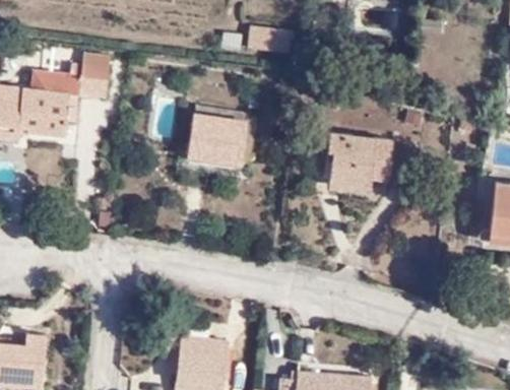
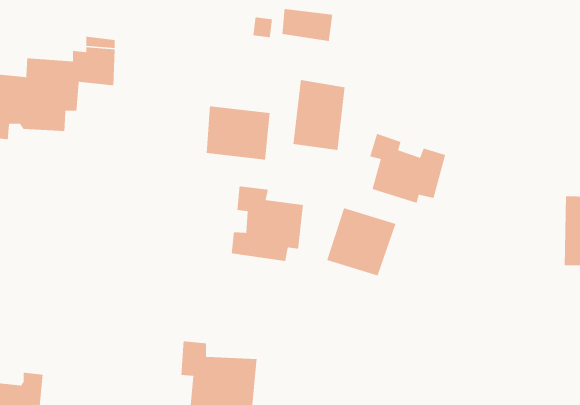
building: none -> [293,79,346,151]
building: none -> [231,185,304,262]
building: none -> [326,207,397,276]

